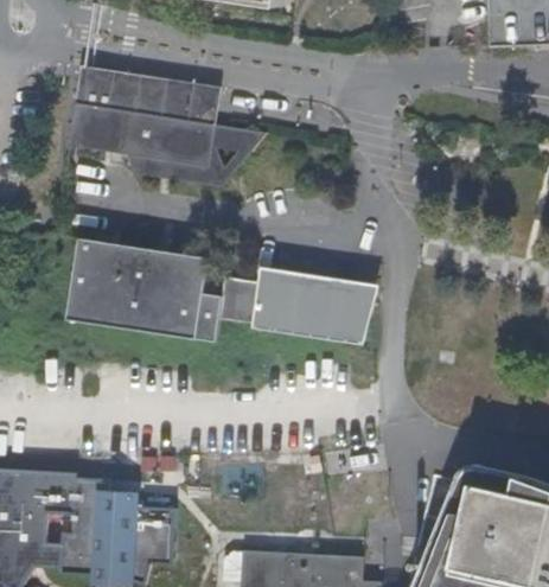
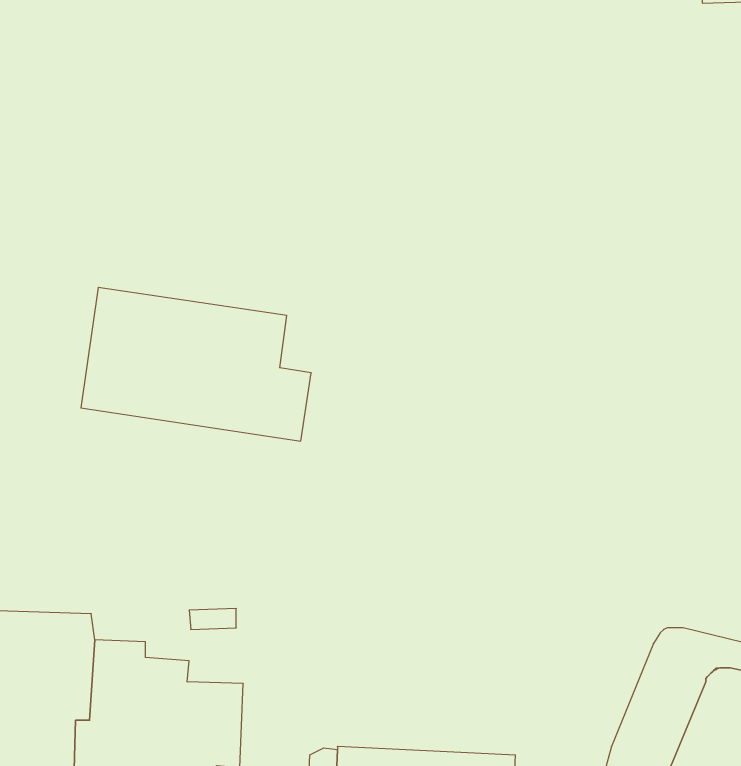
building: [69,65,266,187] -> none
building: [231,280,370,340] -> none

